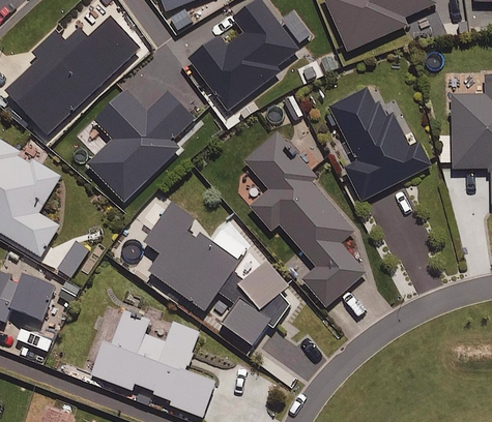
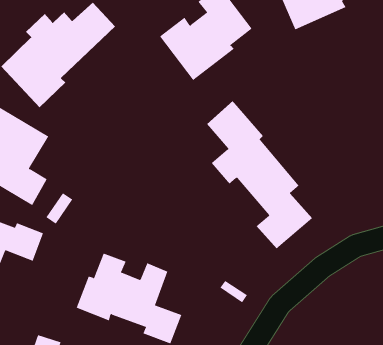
building: [328,87,429,201] -> none
building: [85,89,195,202] -> none
building: [145,204,290,345] -> none

